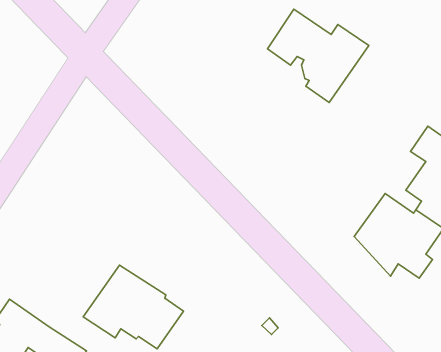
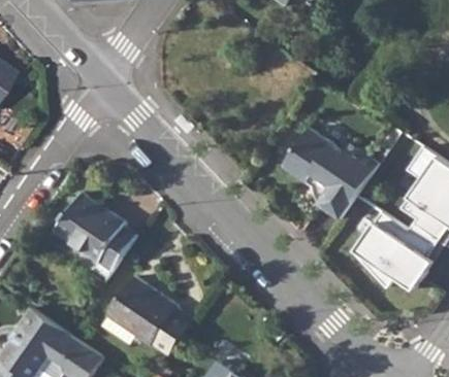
building: [267,9,369,103] -> [286,129,381,216]
building: none -> [55,193,138,279]

